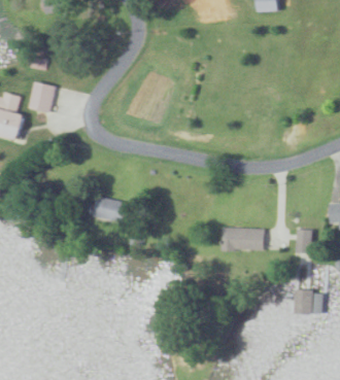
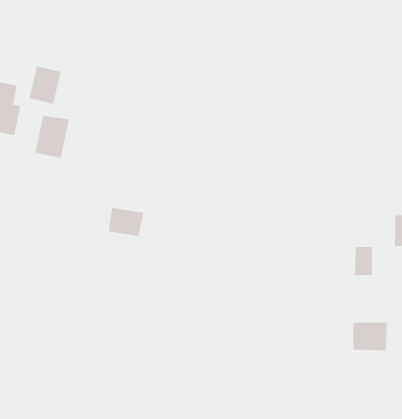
building: none -> [35,115,69,159]
building: [220,227,264,250] -> none

